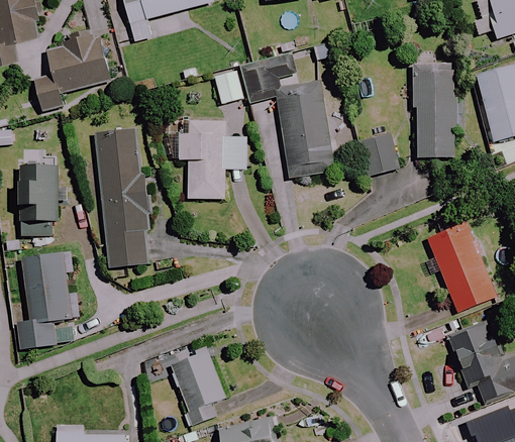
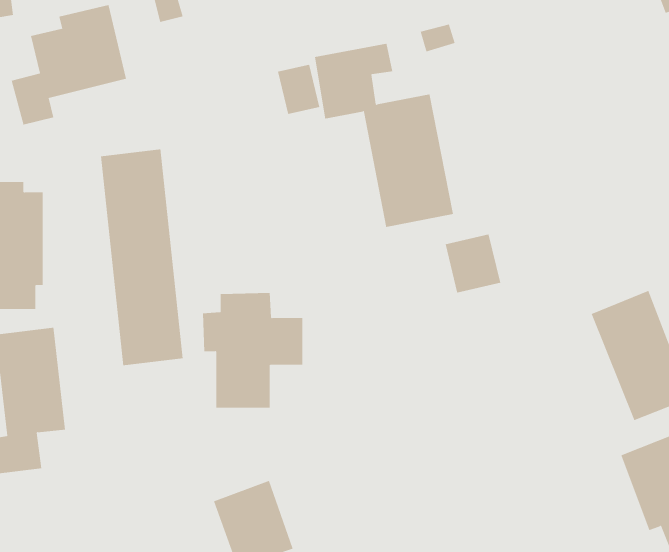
building: [413,67,453,156] -> none
building: [178,119,246,198] -> [202,292,303,408]
building: [358,135,397,176] -> [445,234,501,293]

